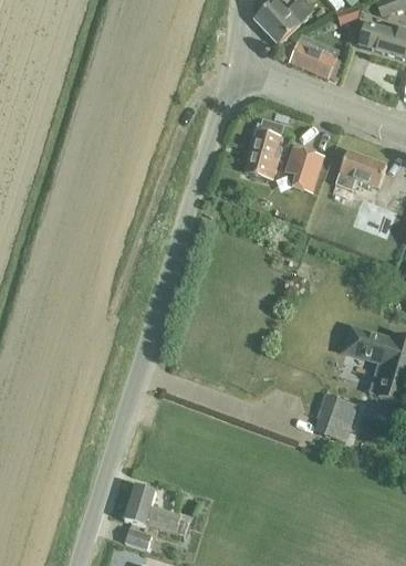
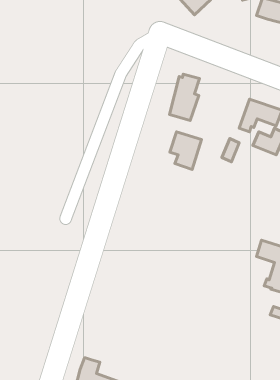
building: [282,40,336,76] -> none
building: [279,144,320,192] -> [170,132,202,170]
building: [313,394,355,441] -> none

